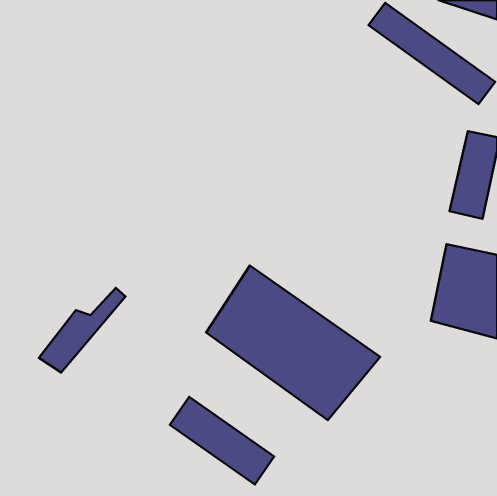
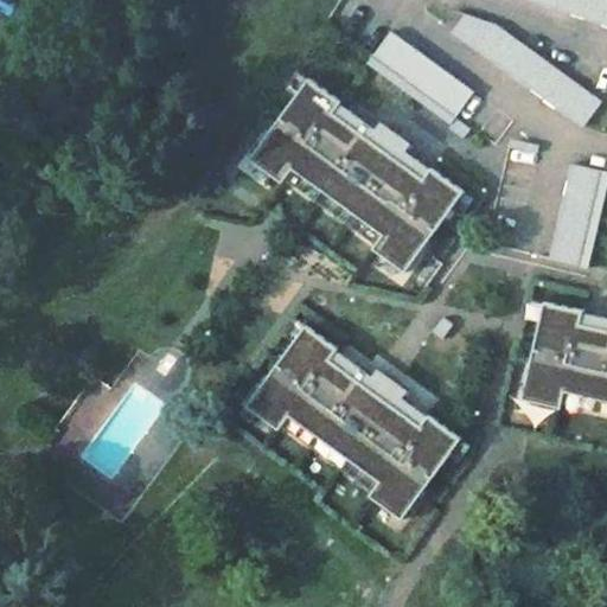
building: none -> [366,30,475,124]
building: none -> [253,75,458,270]
building: [170,397,274,485] -> none

